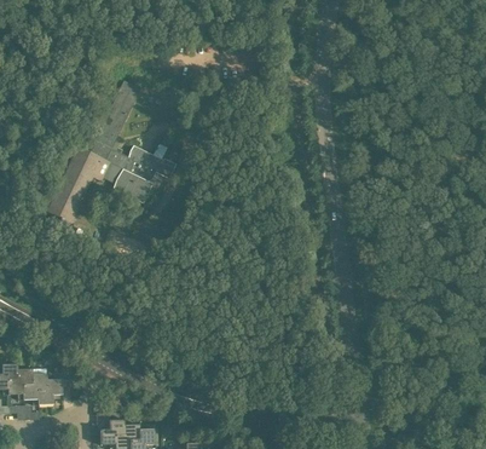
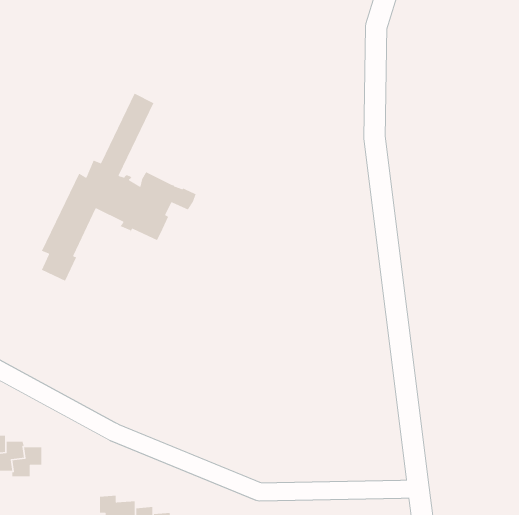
building: [36,379,69,404] -> none

